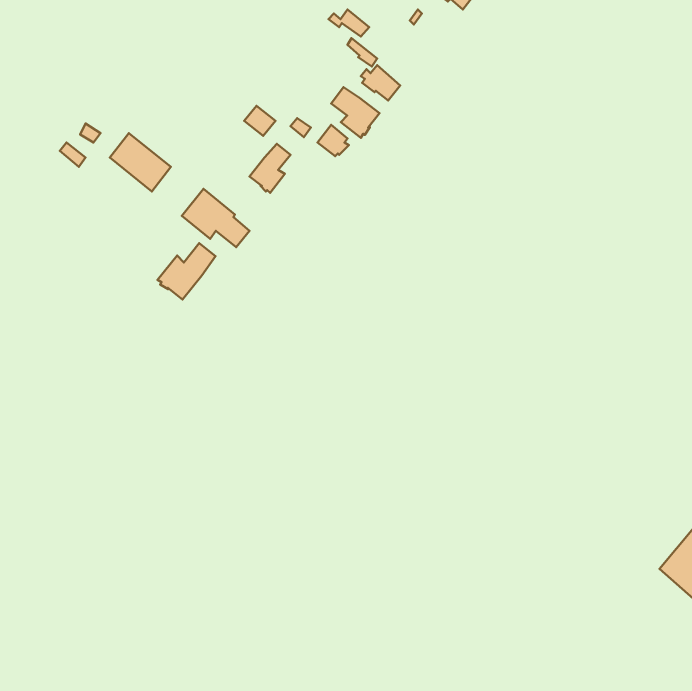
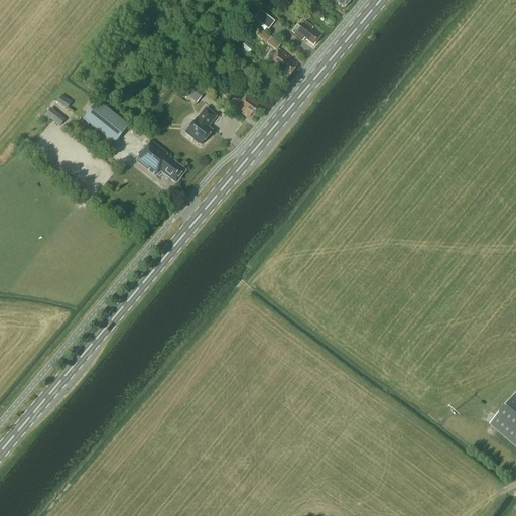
building: none -> [292,20,324,44]
building: [331,87,379,138] -> none
building: [158,243,216,300] -> none

